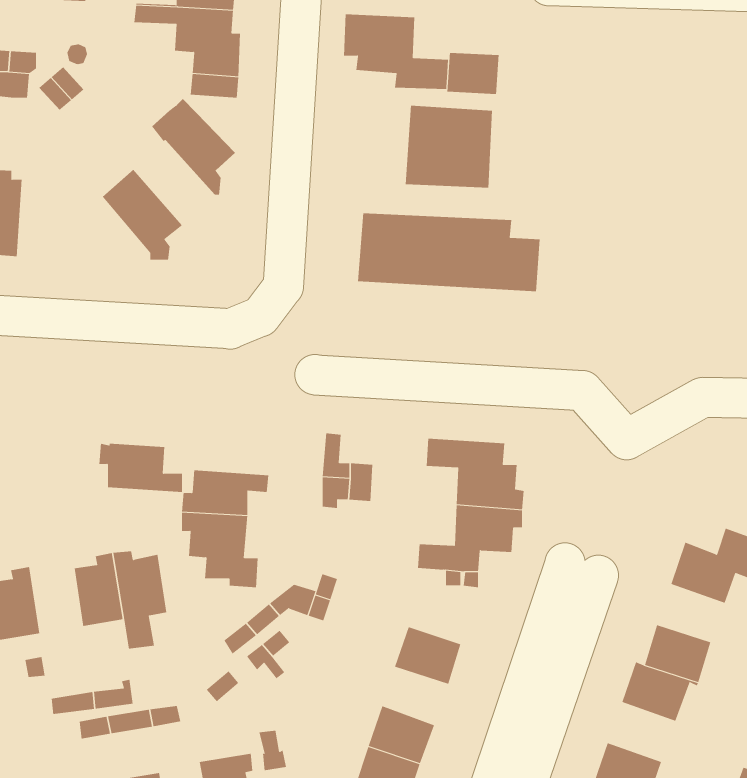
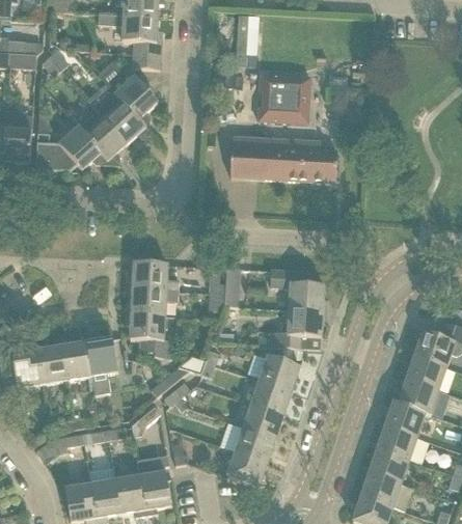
building: [447,52,499,95] -> none
building: none -> [98,93,148,143]
building: none -> [35,127,107,169]
building: [98,443,183,493] -> [128,261,178,291]
building: none -> [36,342,67,384]
building: none -> [260,355,300,390]
building: none -> [406,355,446,389]
building: none -> [244,404,283,438]
building: none -> [377,424,417,460]

